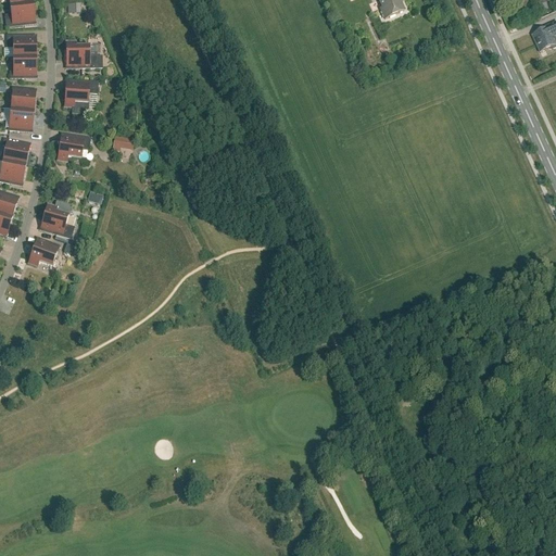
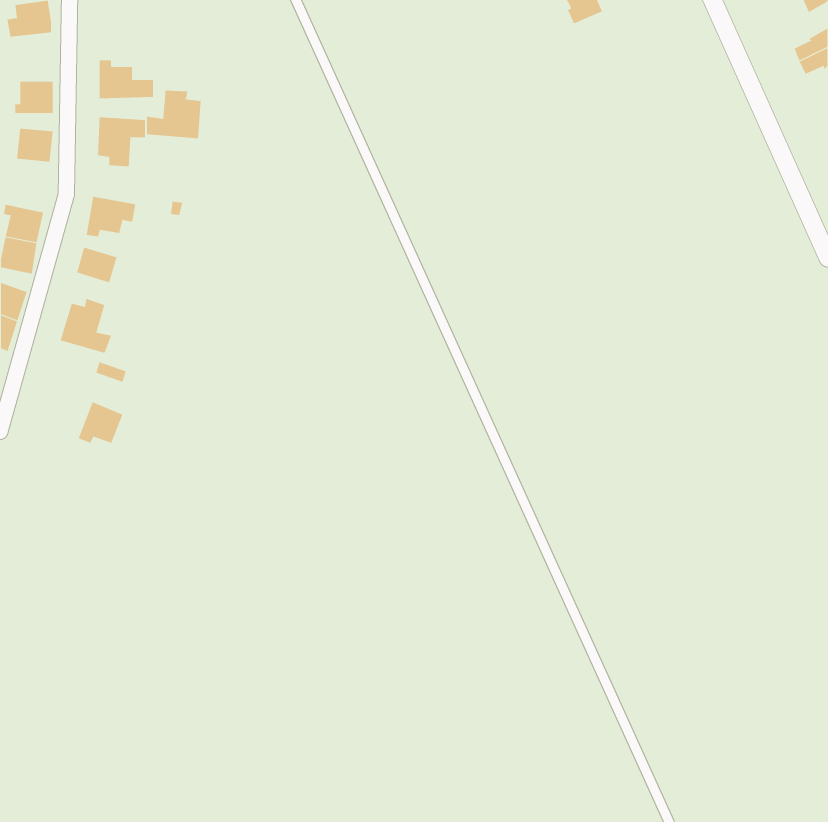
building: [7,34,36,54] -> none
building: none -> [146,90,201,139]
building: [9,106,34,130] -> none
building: none -> [76,247,117,283]
building: [28,236,59,264] -> [78,401,123,444]

